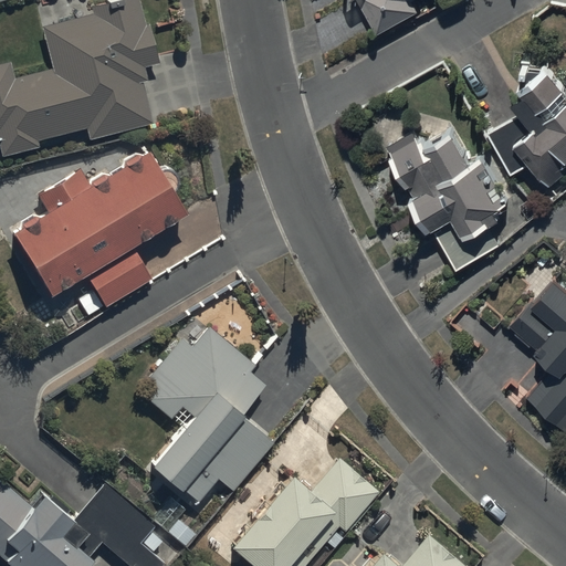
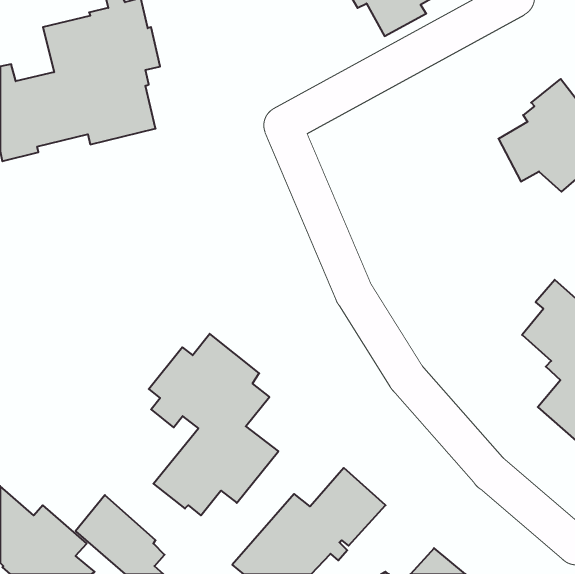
building: [386,133,510,239] -> none
building: [9,148,184,304] -> none

